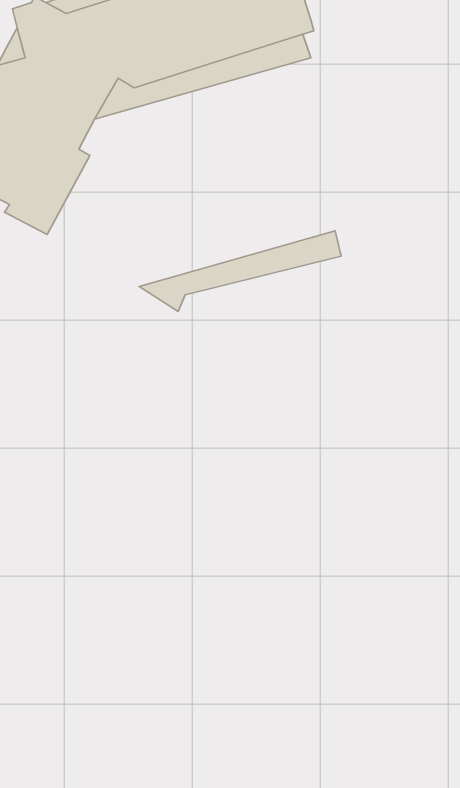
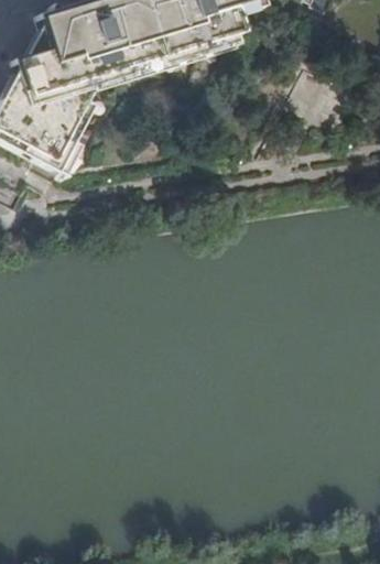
building: [139,231,341,311] -> none

